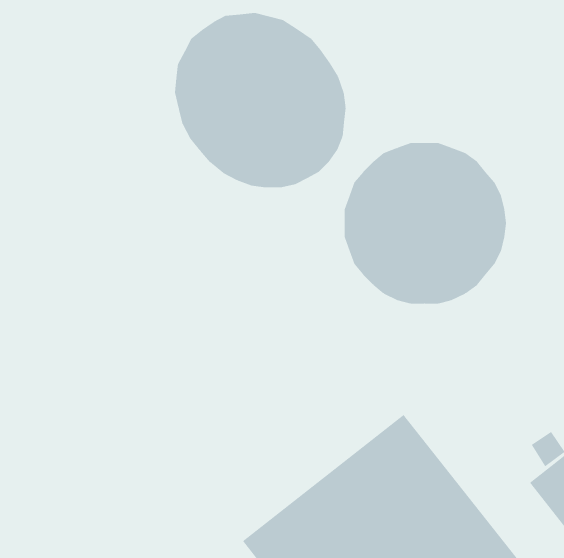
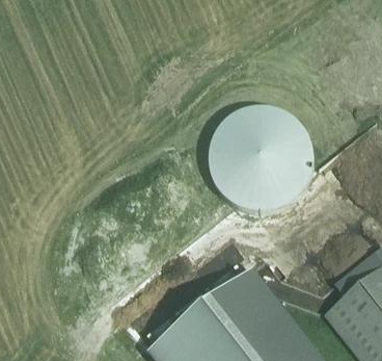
building: [174,12,346,188] -> none

